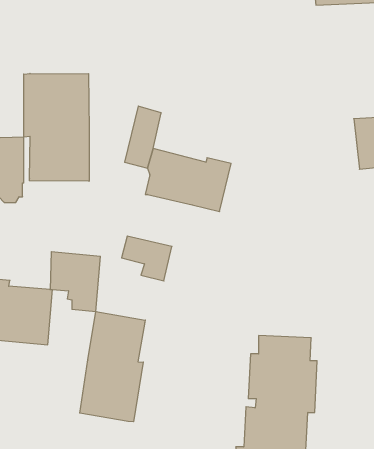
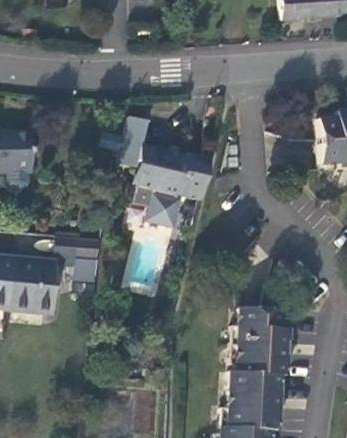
building: [24,73,89,181] -> none
building: [122,236,172,281] -> [135,184,179,223]
building: [80,311,145,422] -> none

